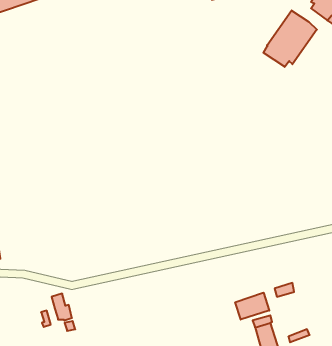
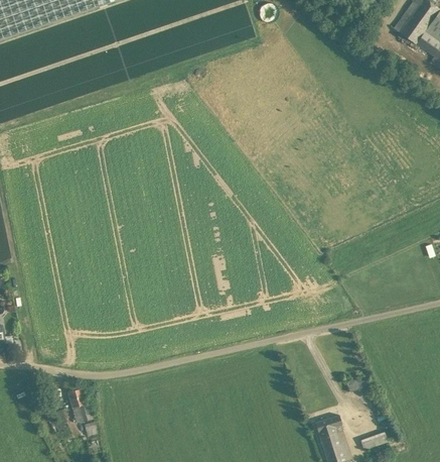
building: [263,10,317,67] -> none
building: [235,293,269,320] -> none

